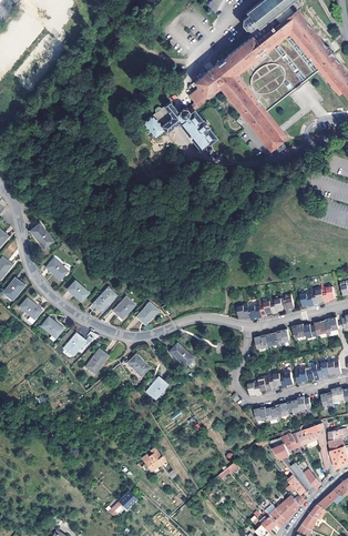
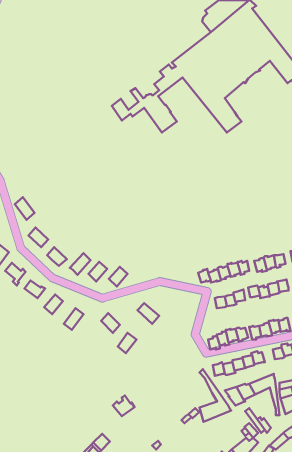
building: none -> [200,369,231,422]

